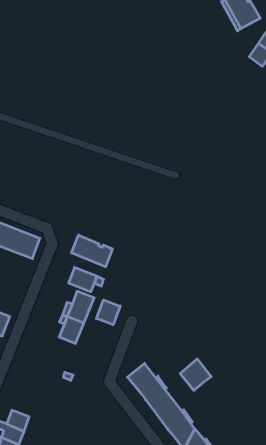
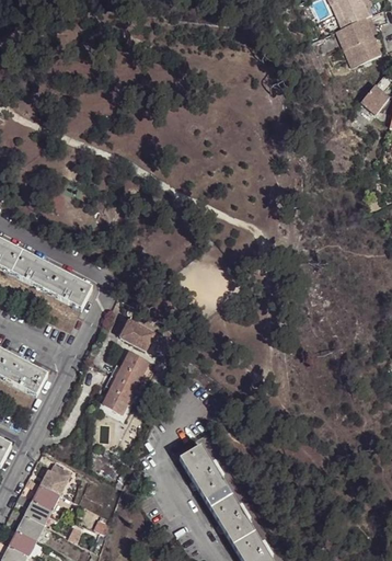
building: [72,235,112,267] -> none
building: [96,300,120,325] -> none
building: [180,359,211,390] -> none
building: none -> [39,465,71,495]

